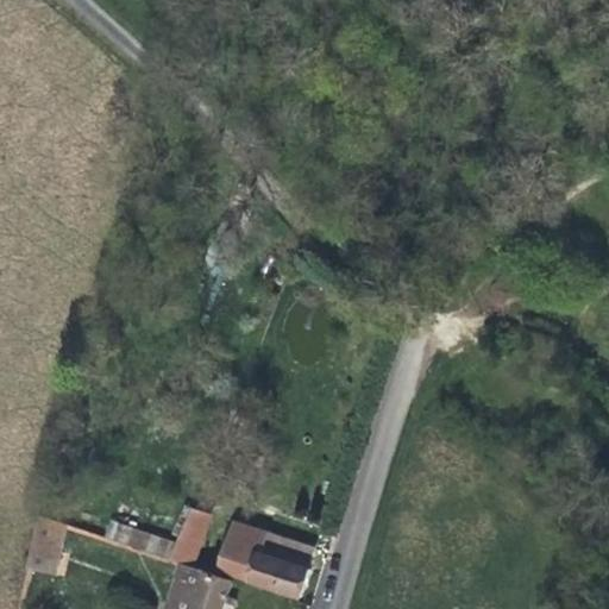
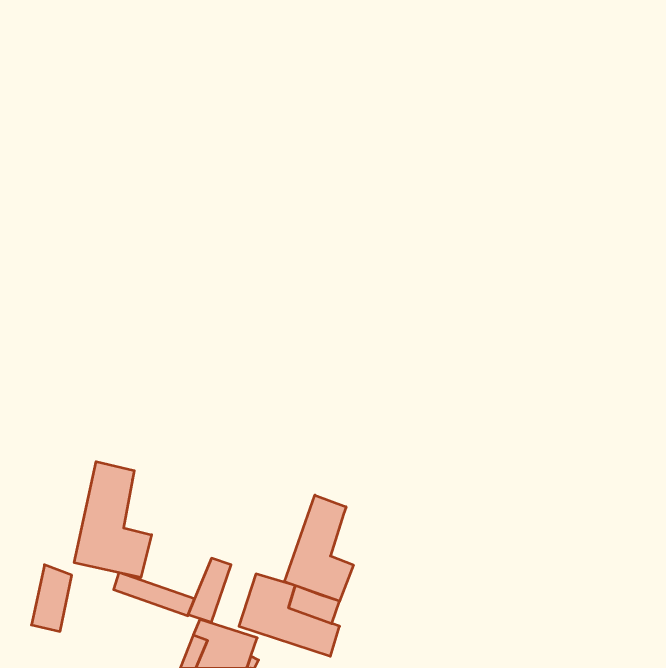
building: none -> [74,462,152,577]
building: none -> [284,495,353,601]

